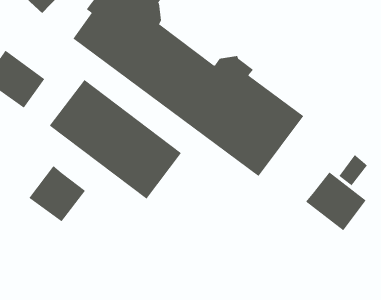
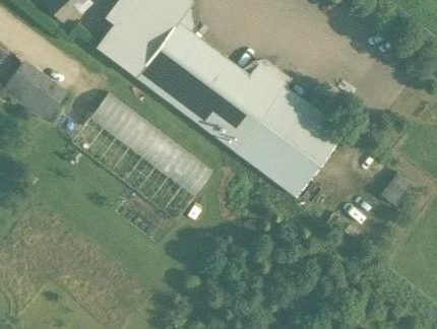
building: [28,165,86,222] -> none
building: [305,171,366,231] -> none

